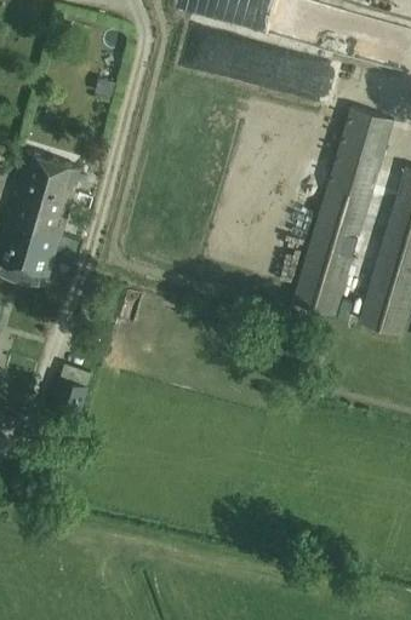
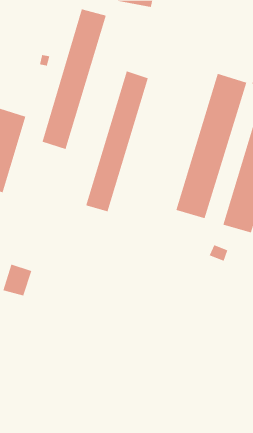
building: none -> [42,8,106,150]
building: none -> [85,71,148,212]

